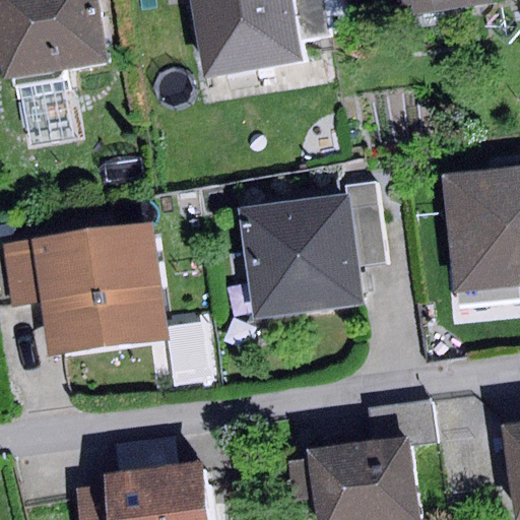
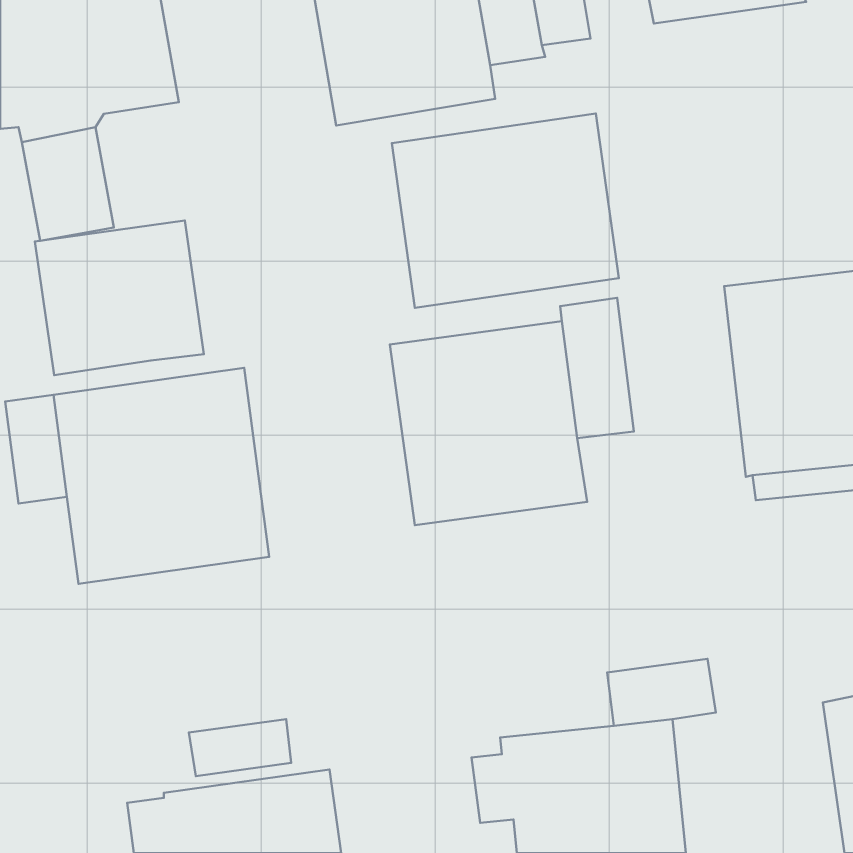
building: none -> [392,114,619,308]
building: none -> [35,221,204,375]

